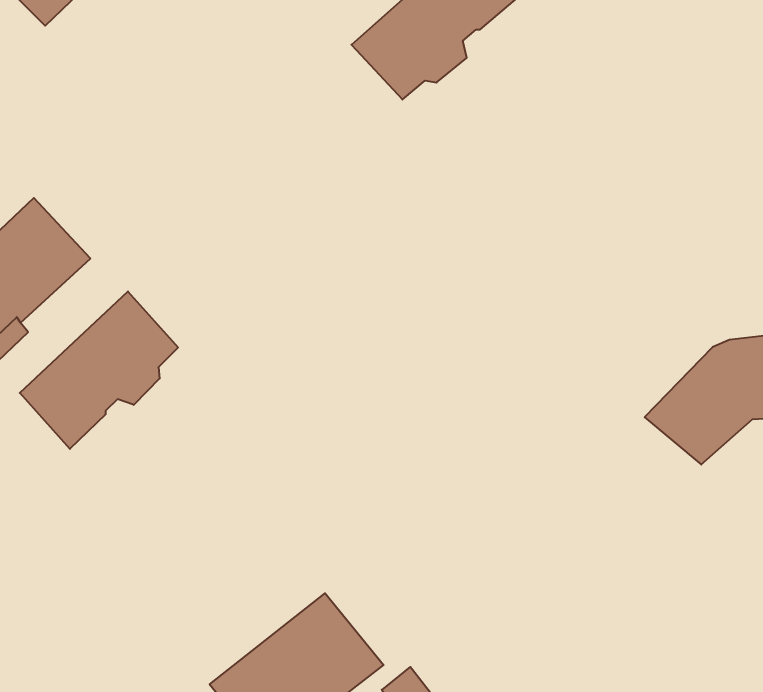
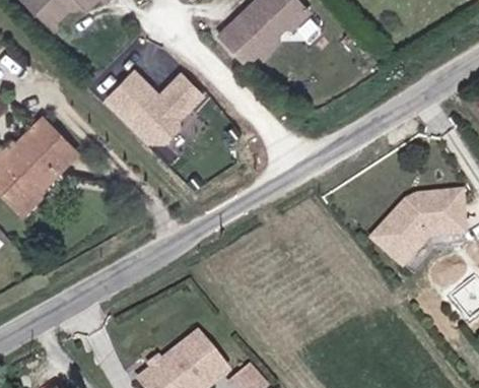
building: none -> [108,70,204,142]
building: [20,291,178,449] -> none

